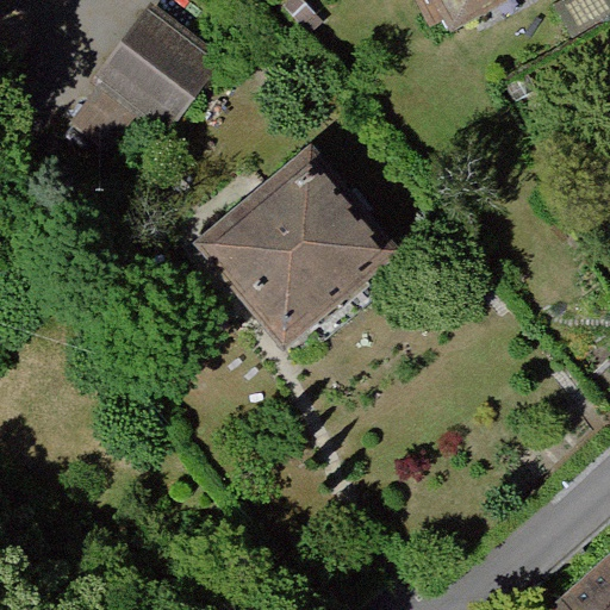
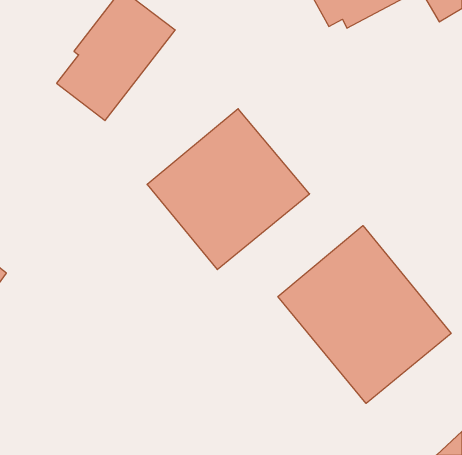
building: none -> [278,226,451,403]

